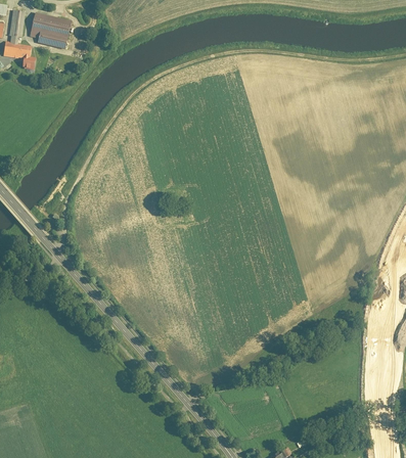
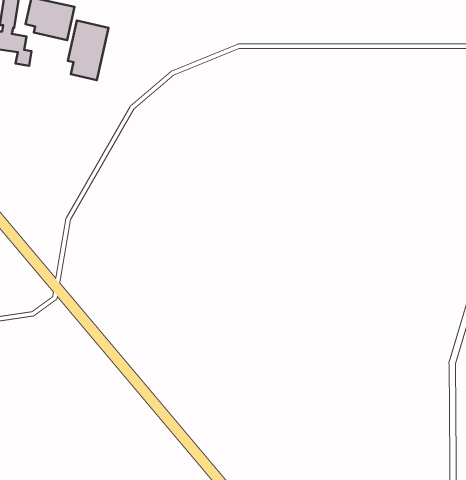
building: none -> [68,21,108,80]

